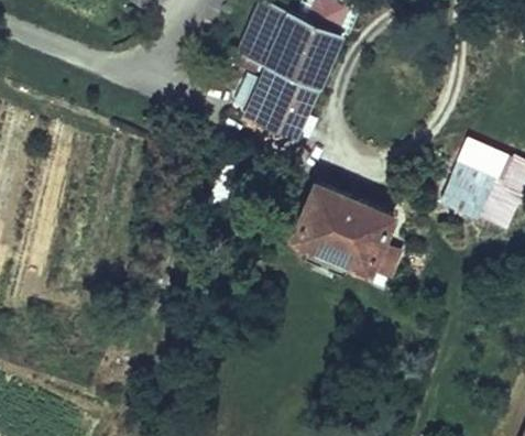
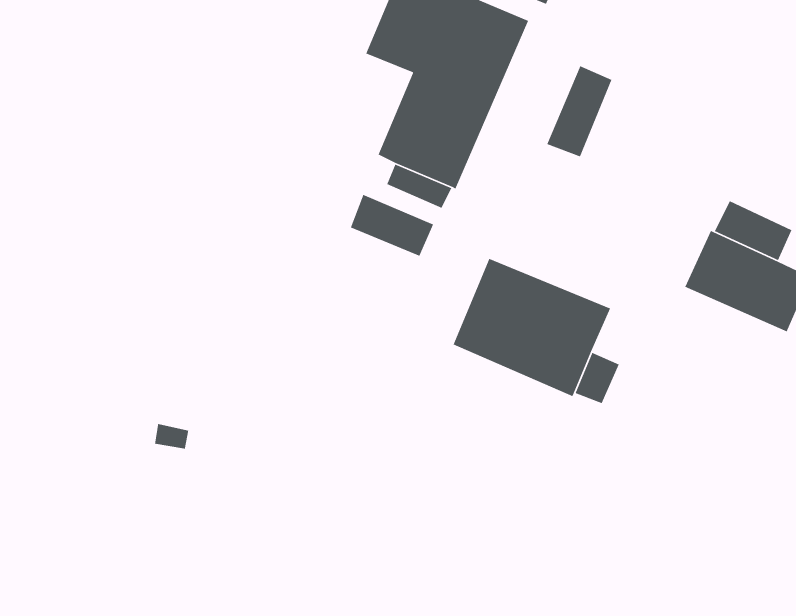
building: none -> [546,65,613,158]
building: none -> [350,194,434,257]

